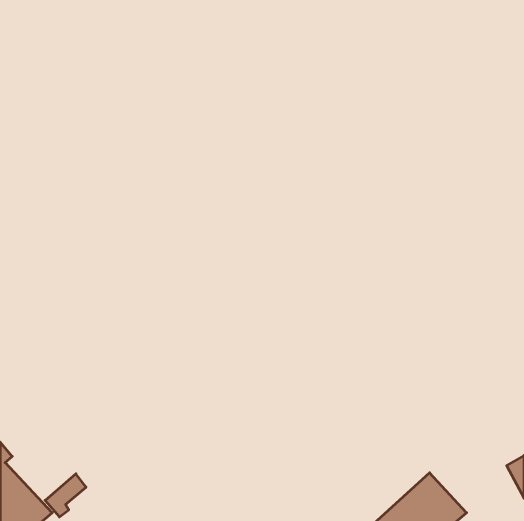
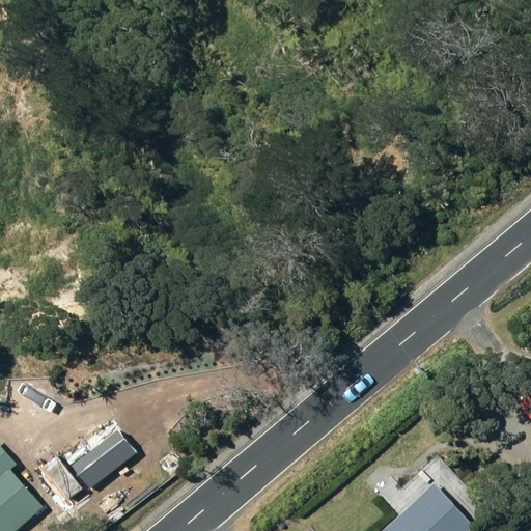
building: none -> [61,420,137,492]

